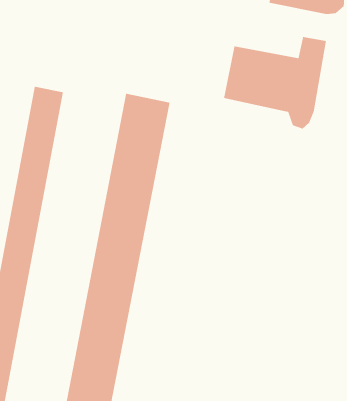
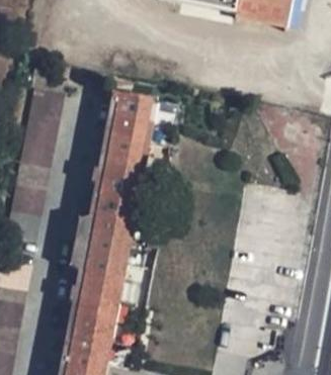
building: [223,36,327,129] -> none

